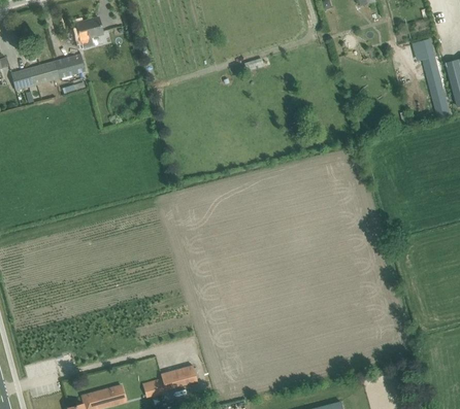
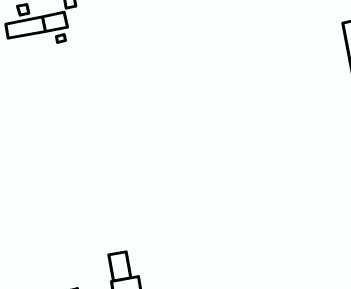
building: none -> [109,252,131,281]

